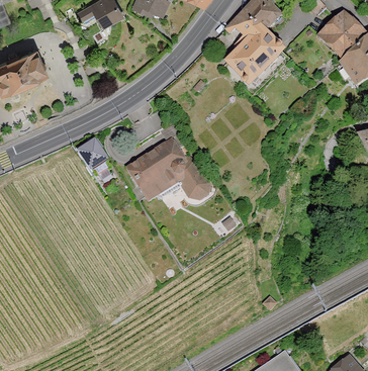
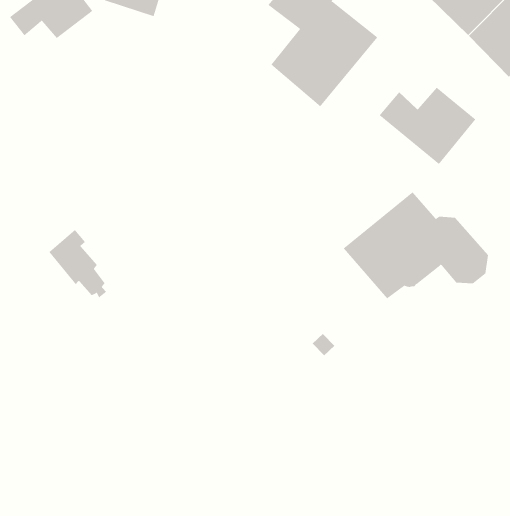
building: none -> [379,87,476,165]
building: [127,141,210,200] -> [343,191,489,299]

